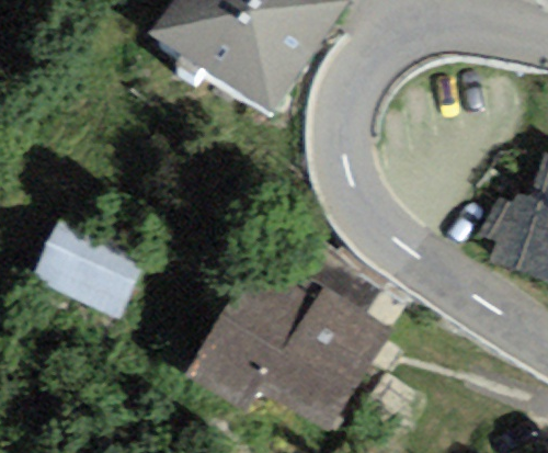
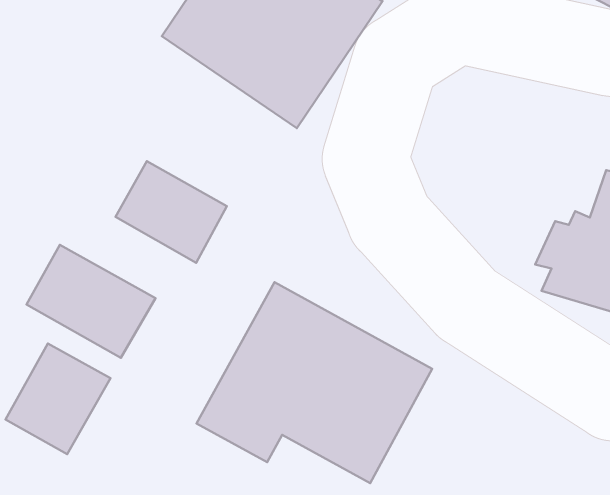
building: none -> [115,161,227,263]
building: none -> [5,344,111,454]

